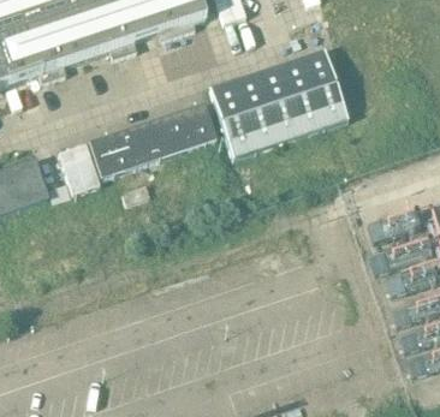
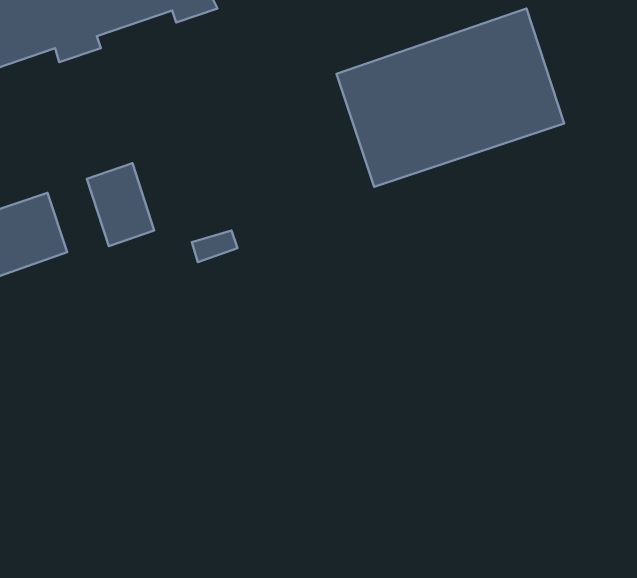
building: [91,101,219,177] -> none

